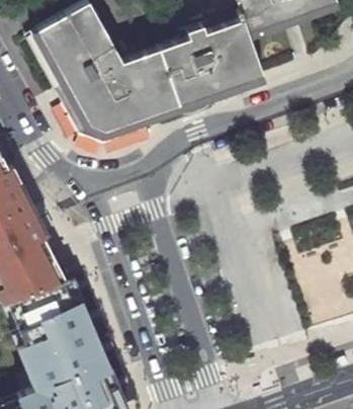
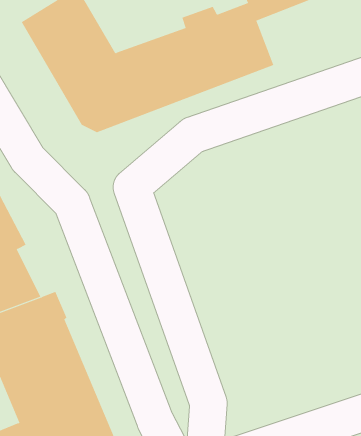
building: [28,31,272,146] -> none

